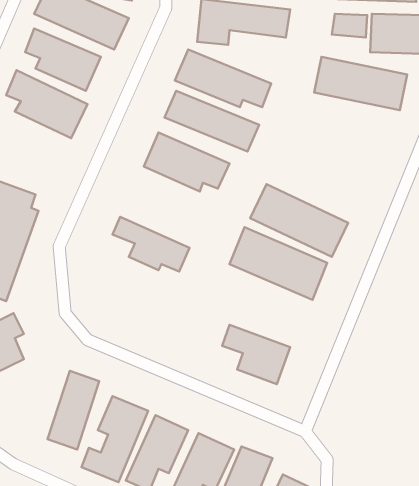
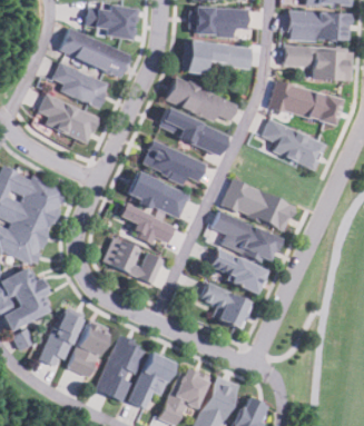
building: none -> [263,120,326,168]
building: none -> [127,170,191,219]
building: none -> [104,236,165,284]
building: none -> [210,248,267,294]
building: none -> [42,305,82,368]

